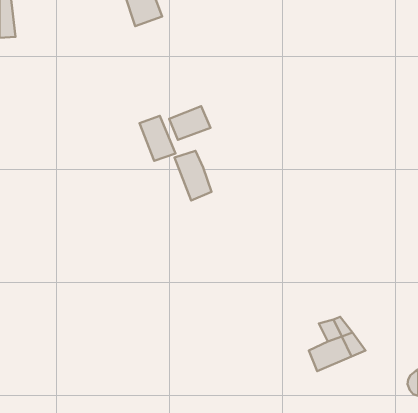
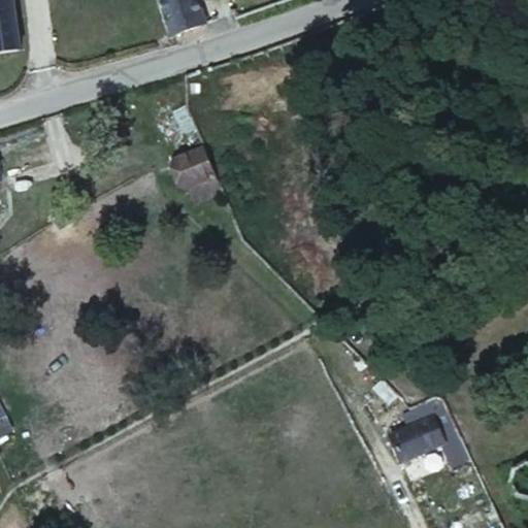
building: [169,106,211,140] -> none
building: [174,151,212,200] -> none

